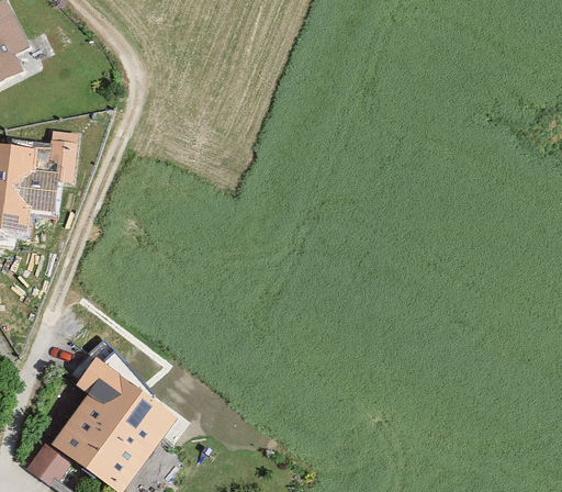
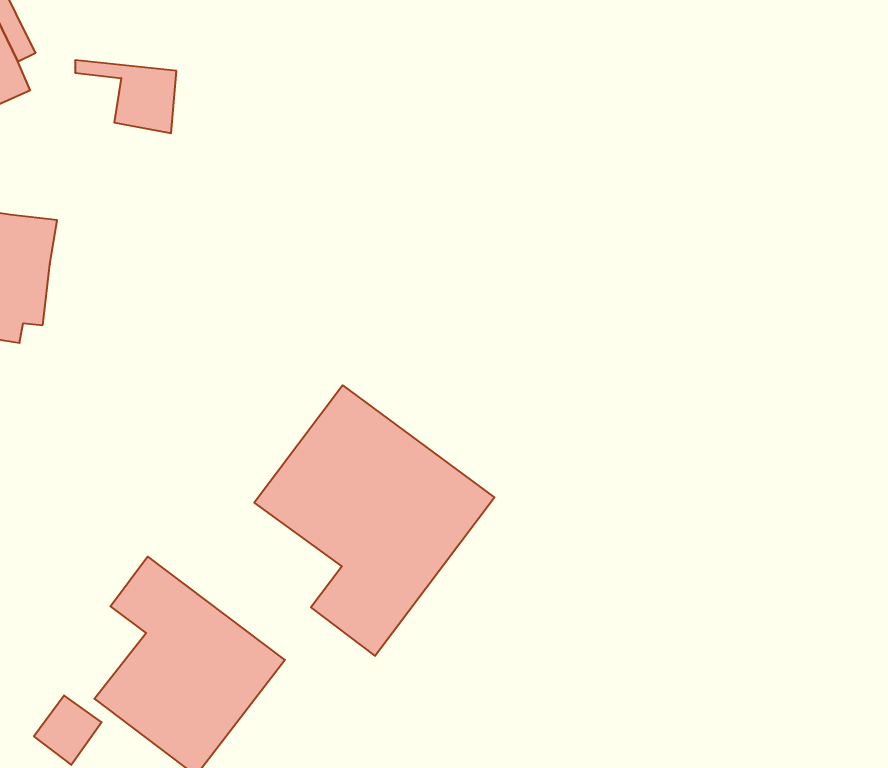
building: [11,138,74,183] -> [75,60,176,133]
building: none -> [254,385,494,656]

